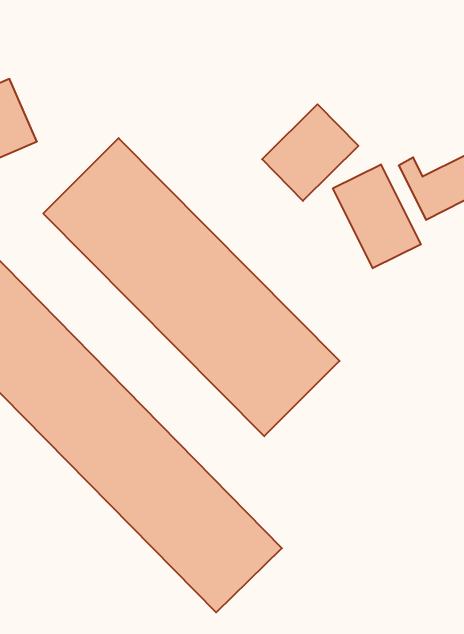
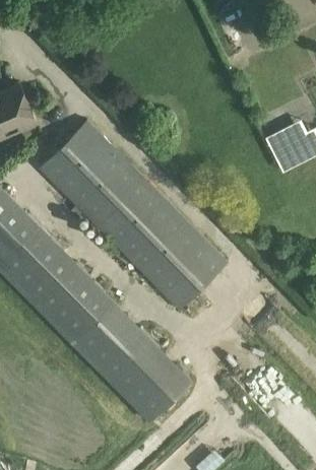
building: [262,104,358,201] -> none
building: [333,164,421,268] -> none

